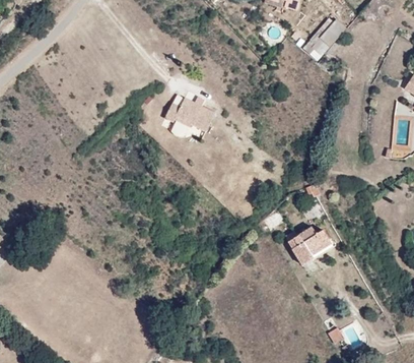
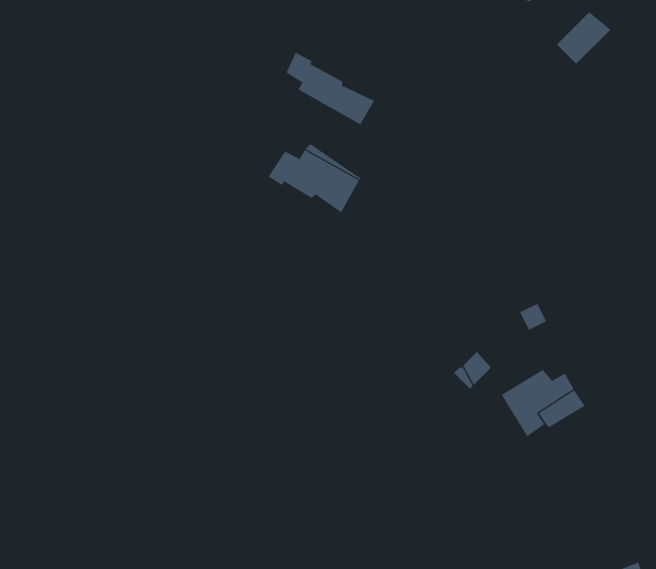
building: none -> [286,52,375,125]

